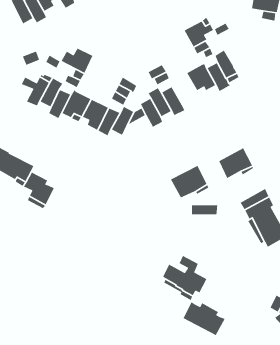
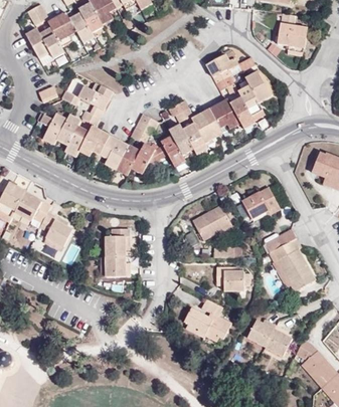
building: none -> [244,70,270,101]
building: none -> [190,109,222,142]
building: none -> [104,227,130,276]
building: none -> [215,266,243,290]
building: [182,301,226,336] -> [246,319,292,355]

